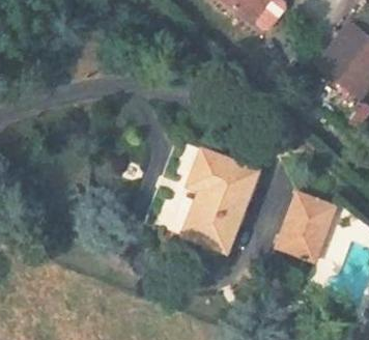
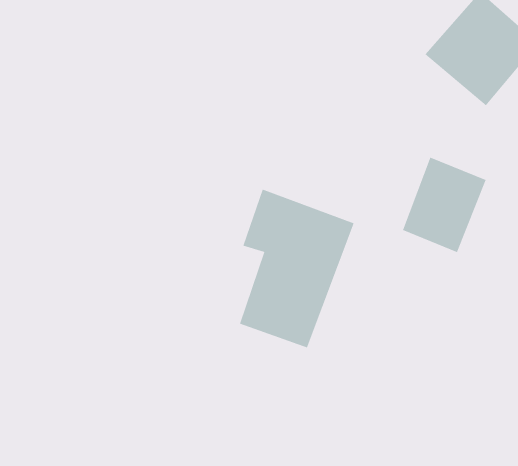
building: [280,202,334,263] -> [402,157,487,253]

